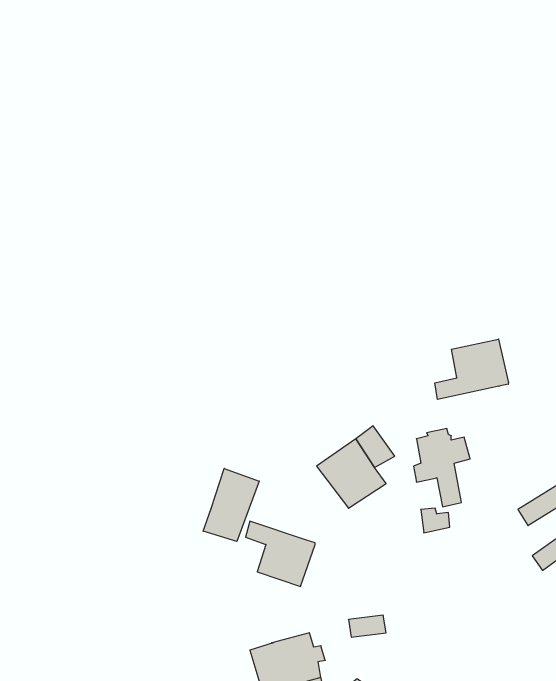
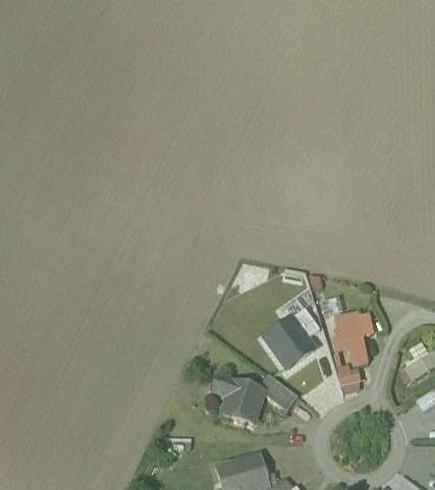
building: [435,339,508,399] -> none
building: [203,468,259,541] -> none
building: none -> [257,372,297,410]

